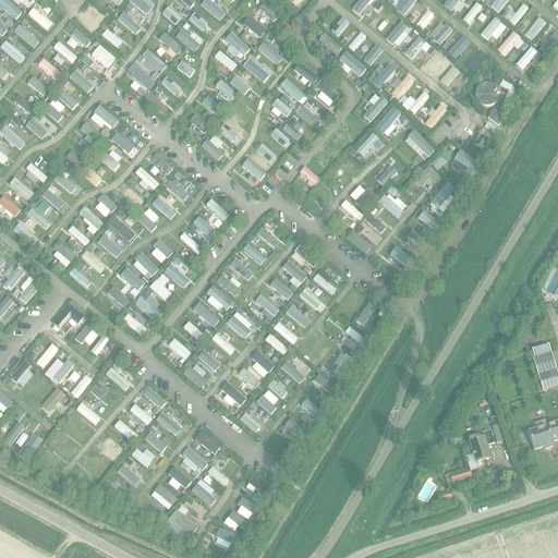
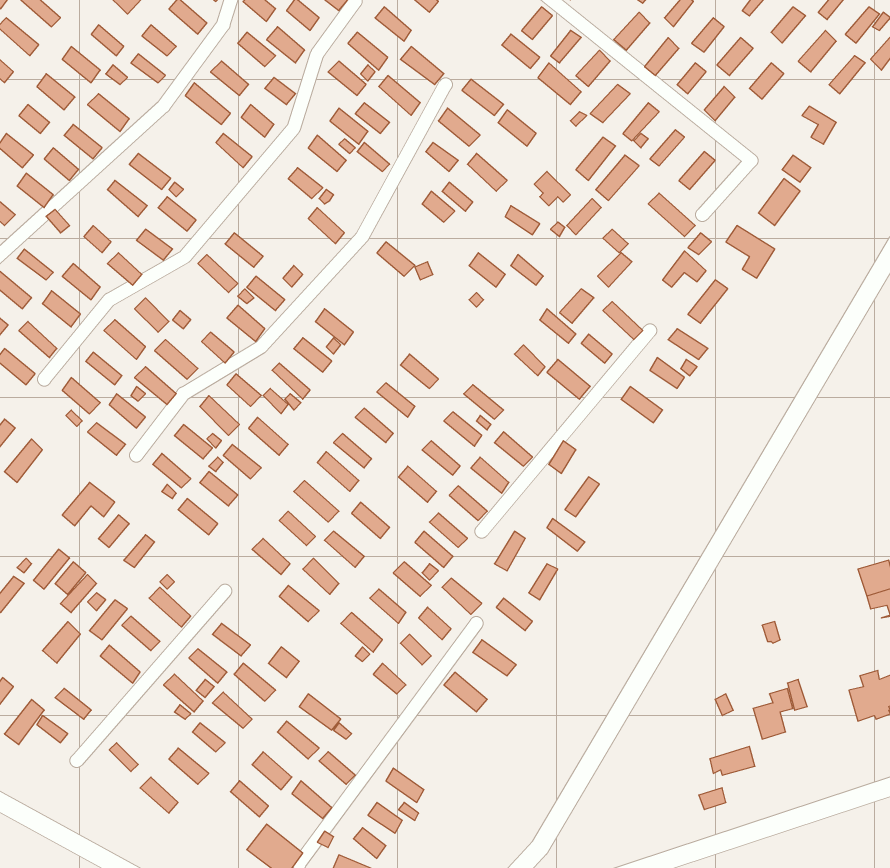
building: [474,80,498,104] -> none

